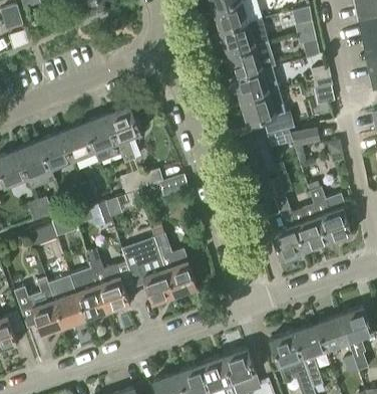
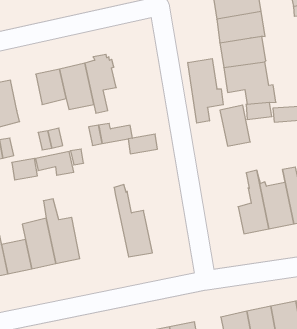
building: none -> [188,59,223,123]
building: [39,133,72,170] -> none
building: [124,236,174,303] -> none

